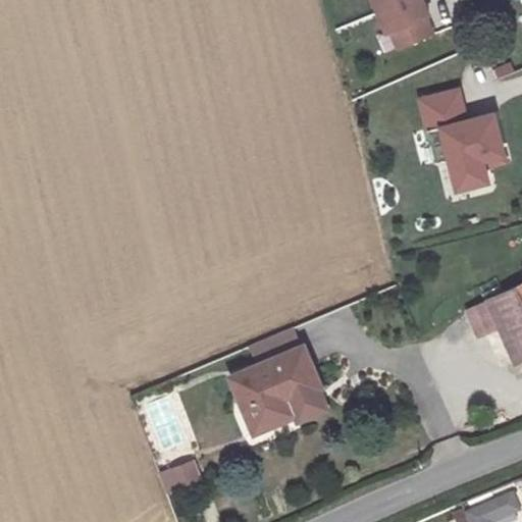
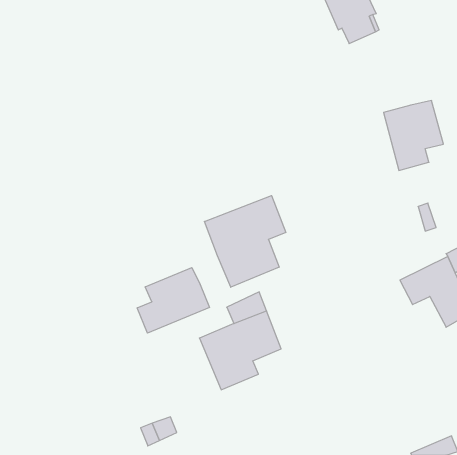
building: [419,88,469,129] -> none
building: none -> [204,196,286,287]
building: none -> [137,268,210,333]

